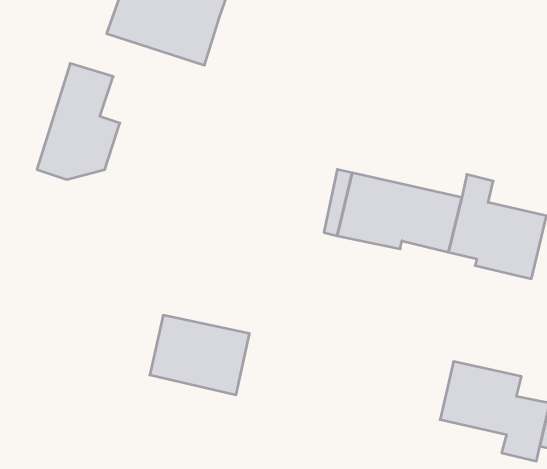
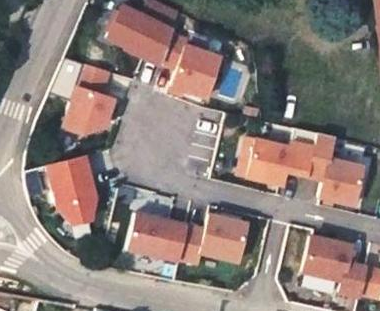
building: none -> [162,37,221,99]
building: none -> [46,159,96,227]
building: none -> [181,217,248,269]

